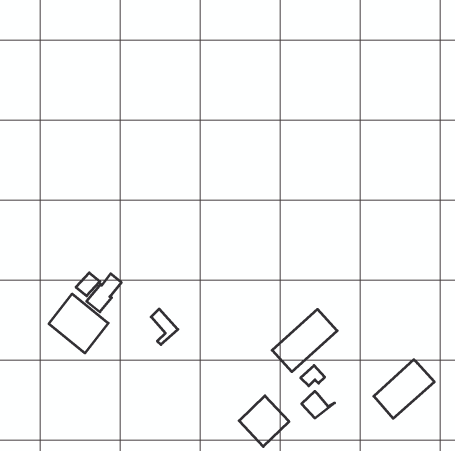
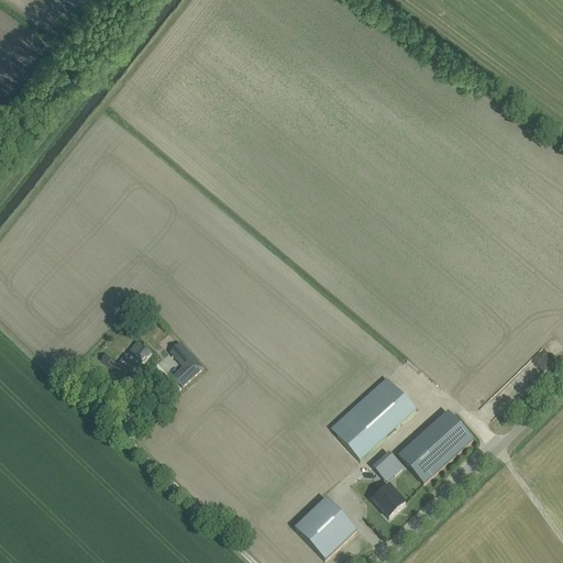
building: [49,294,108,353] -> none
building: [151,309,178,345] -> [169,340,202,384]
building: [374,360,434,418] -> [398,409,473,482]

